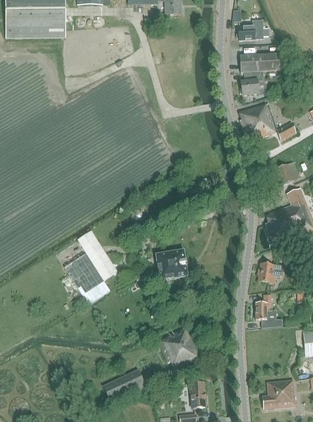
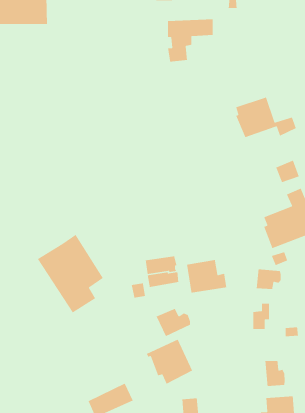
building: [238,19,268,40] -> none
building: [240,53,283,94] -> [167,18,214,63]
building: none -> [186,259,227,293]
building: none -> [155,308,191,337]
building: none -> [265,360,286,387]

